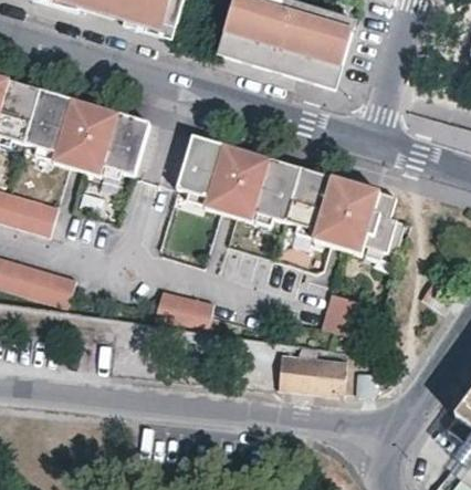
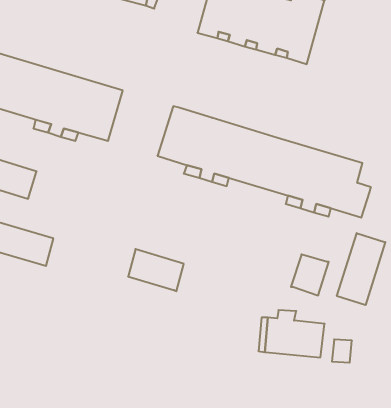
building: none -> [337,233,385,305]

